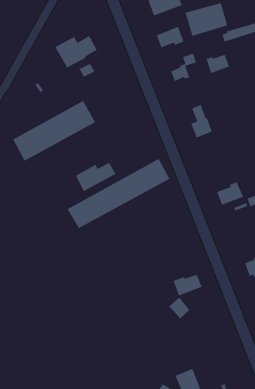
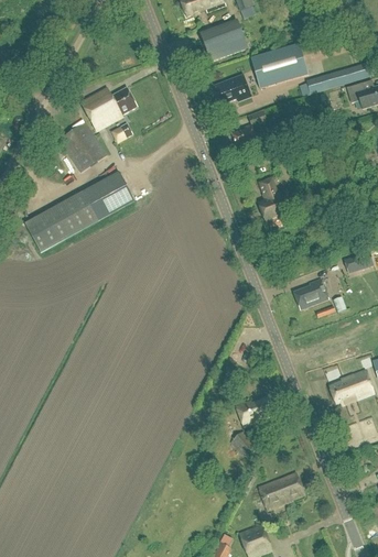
building: [206,54,230,74] -> none
building: none -> [58,121,108,172]
building: [66,158,171,229] -> none
building: [75,162,117,192] -> none
building: none -> [258,474,303,509]

